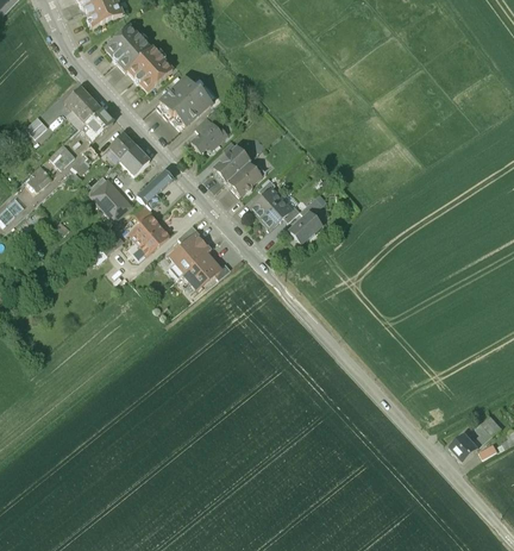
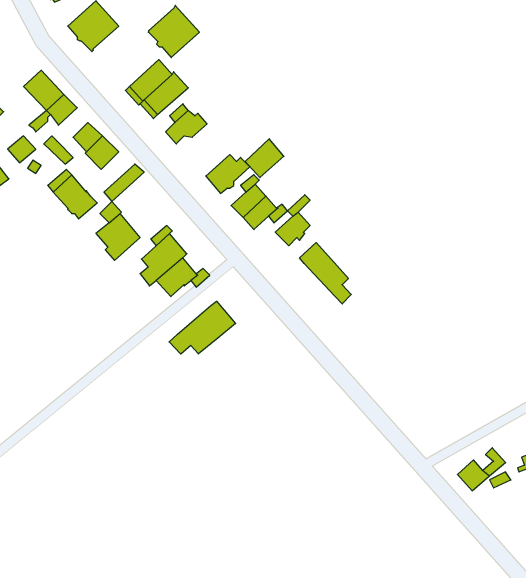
building: [127,44,173,90] -> [148,5,199,58]
building: [214,145,249,180] -> [245,139,284,178]
building: none -> [300,243,351,304]
building: none -> [169,301,236,354]

